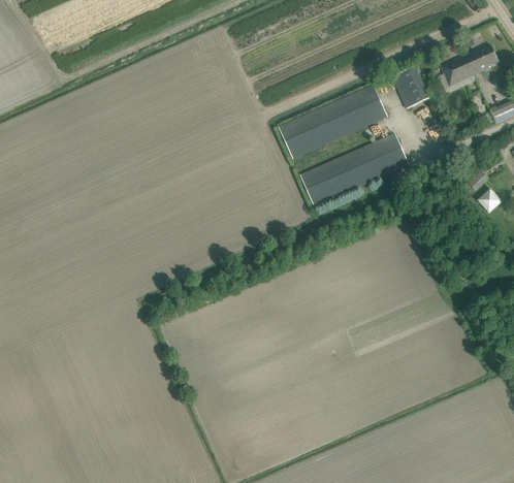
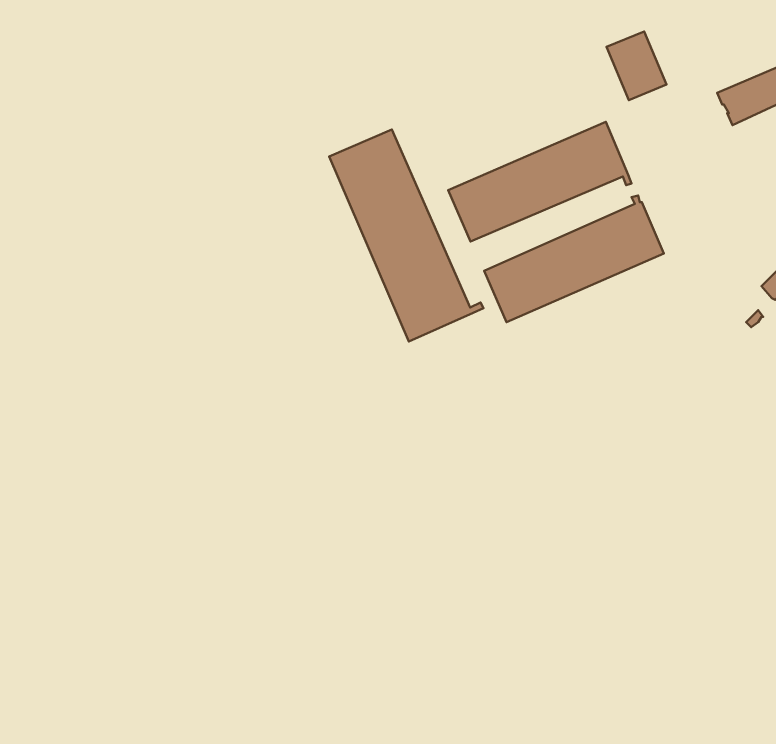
building: [392,67,428,108] -> [607,32,666,100]
building: none -> [329,129,483,342]

